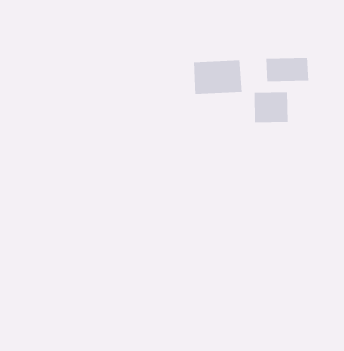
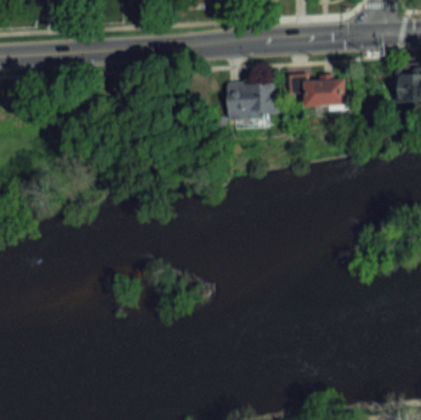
building: [254,91,288,123] -> none

